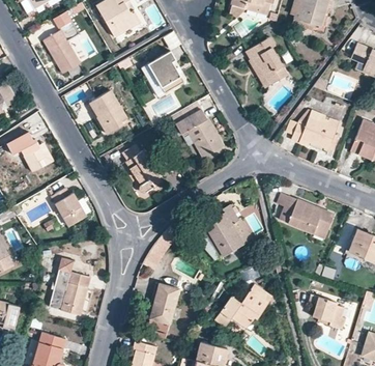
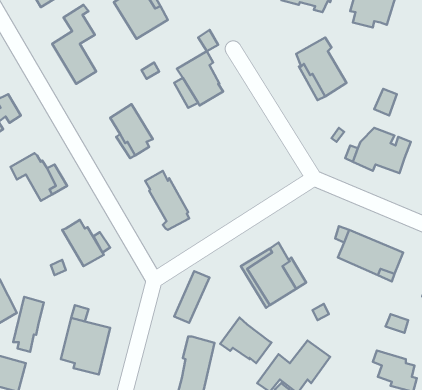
building: [173,108,225,164] -> none
building: none -> [13,297,44,352]
building: none -> [220,318,271,363]

